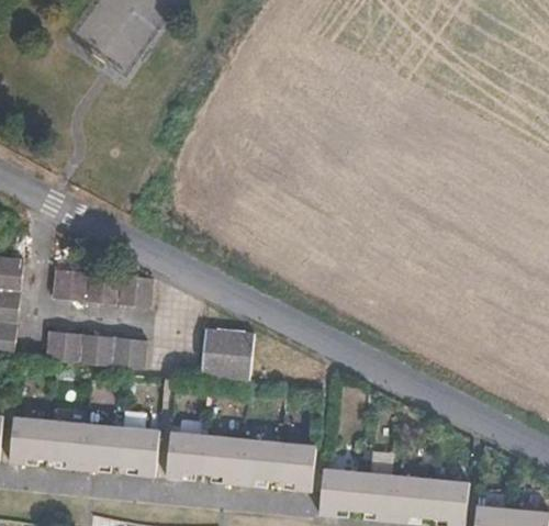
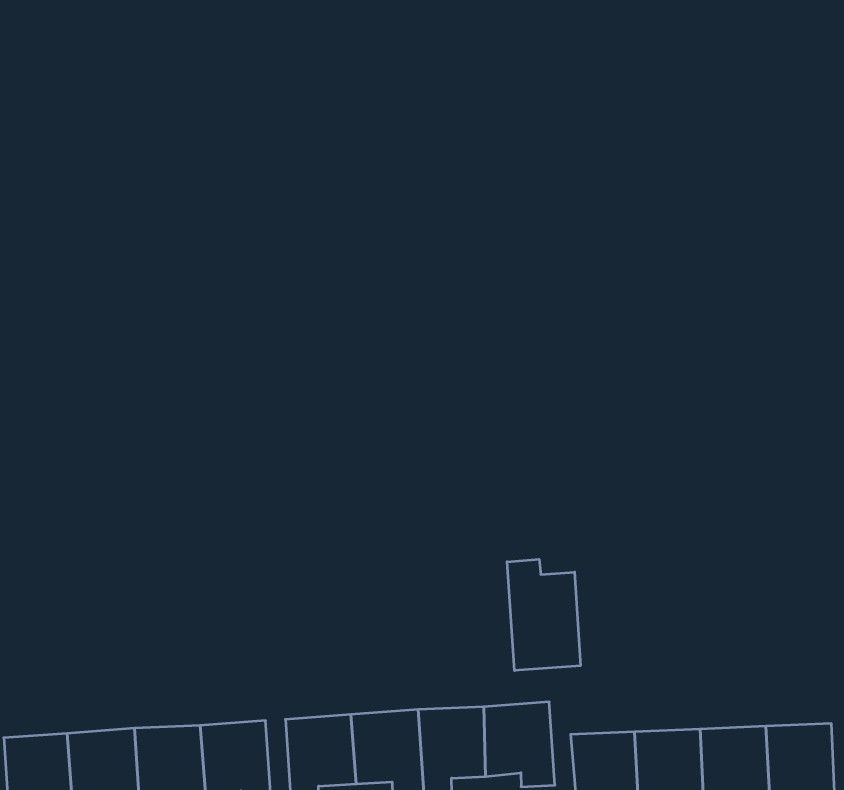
building: [57,269,157,307] -> none
building: [202,327,254,379] -> none
building: [51,329,150,369] -> none
building: none -> [507,559,580,671]

